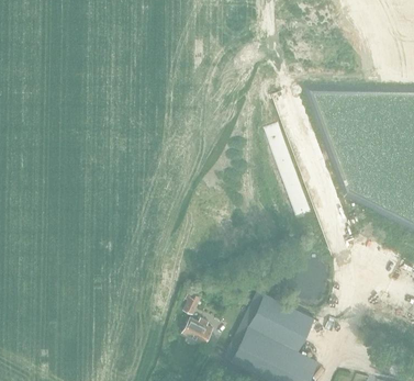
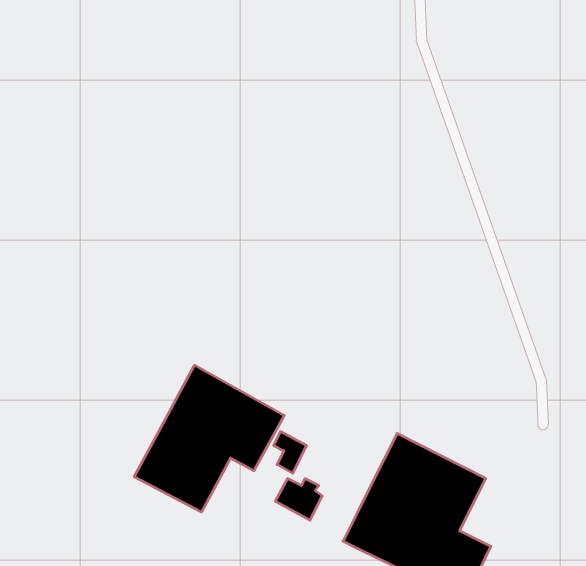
building: none -> [134,365,284,512]

